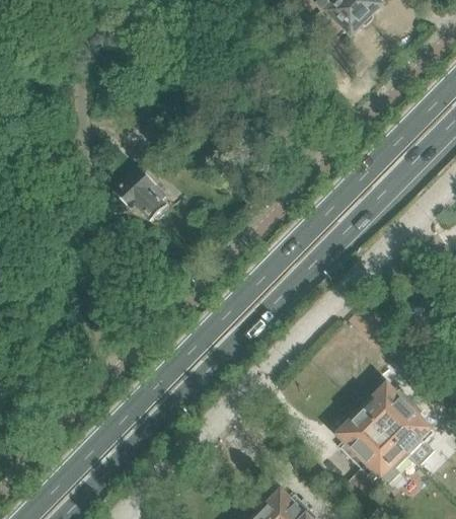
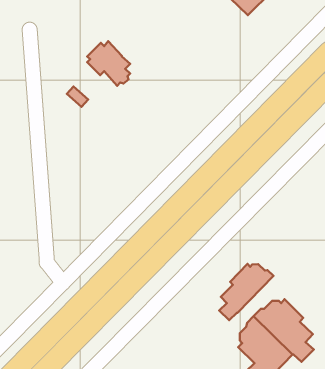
building: [113,165,167,221] -> [87,41,130,86]
building: none -> [219,264,274,320]

